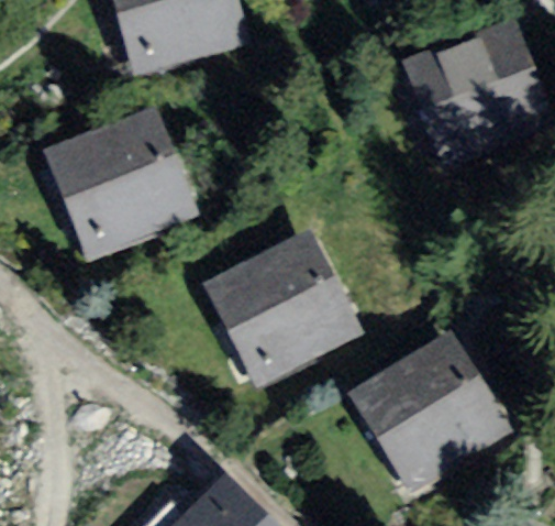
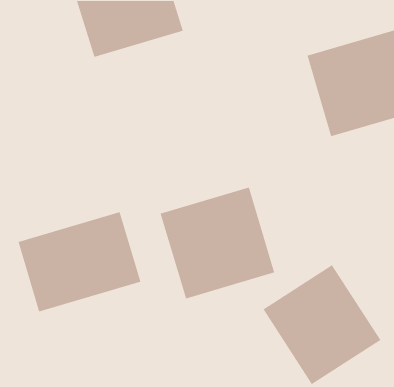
building: [45,106,192,249] -> none
building: none -> [18,211,141,313]

